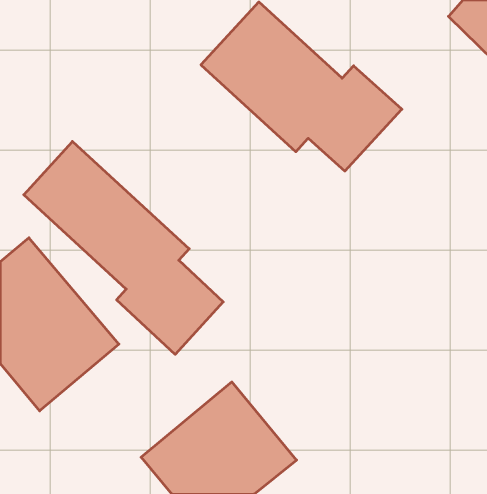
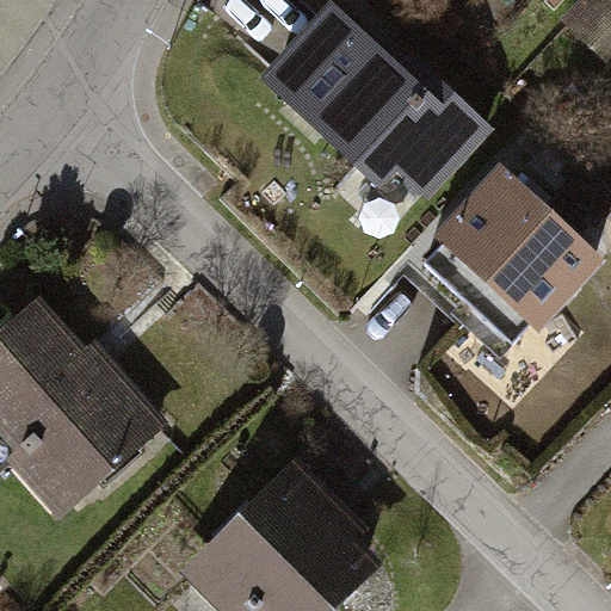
building: [24,141,223,354] -> none
building: none -> [419,177,600,359]

